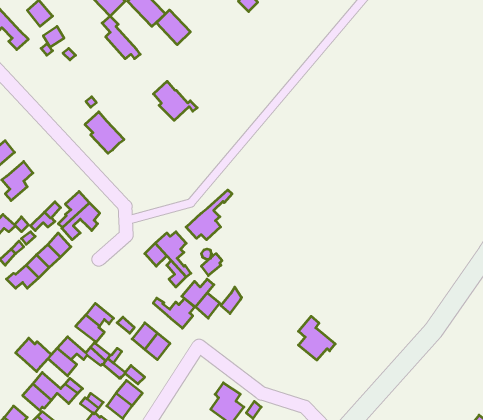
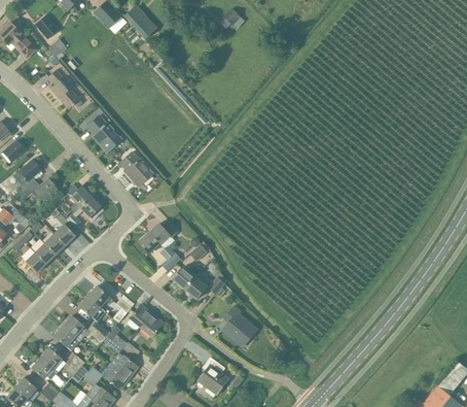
building: [156,10,190,45] -> none
building: [102,16,140,59] -> [47,69,81,107]
building: [153,81,197,120] -> [119,150,158,185]
building: none -> [21,178,57,201]
building: [186,190,232,240] -> none
building: [153,298,195,328] -> none
building: [298,316,335,360] -> [223,304,256,343]
building: [16,338,51,372] -> none

